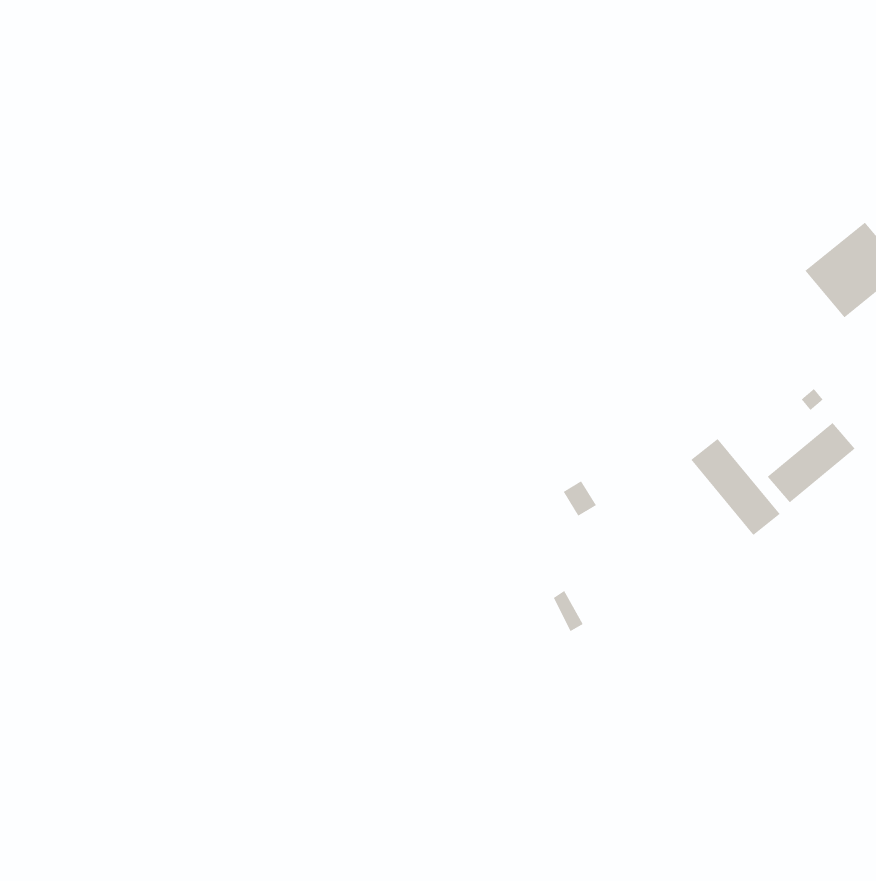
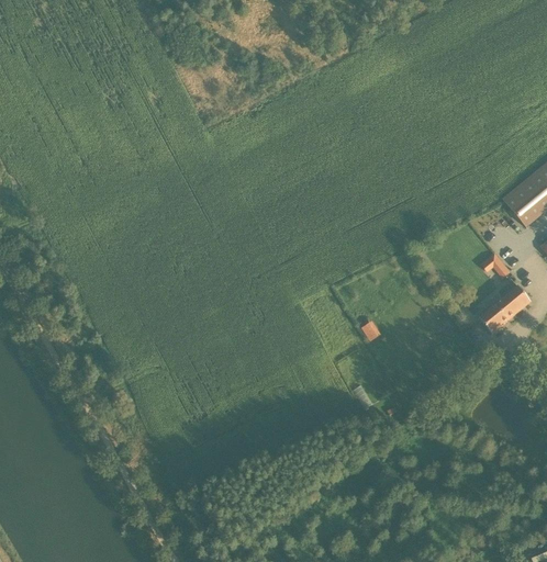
building: [690,438,780,536] -> none

